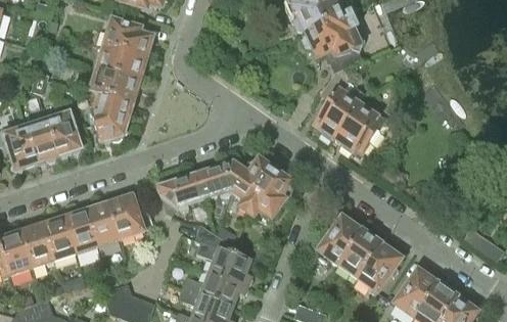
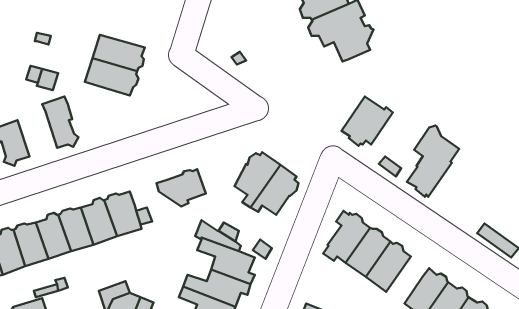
building: [103,18,152,57] -> none
building: [314,68,364,137] -> [407,125,459,197]
building: [88,94,132,141] -> none
building: [25,119,62,162] -> none
building: [196,163,243,197] -> none

